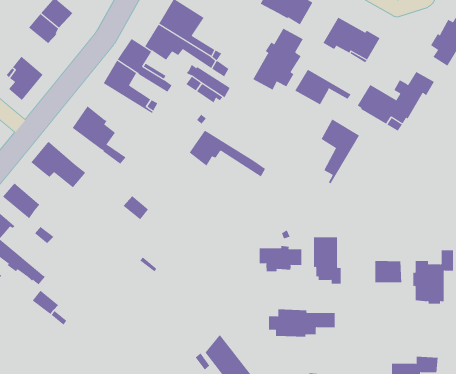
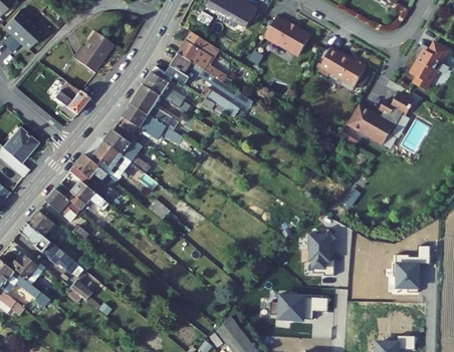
building: [253,28,303,91] -> none
building: [294,69,352,105] -> none
building: [320,118,360,184] -> none
building: none -> [94,141,130,183]
building: [189,130,266,177] -> [119,103,184,143]
building: none -> [56,180,109,210]
building: [259,245,302,272] -> none
building: [375,260,402,283] -> none

